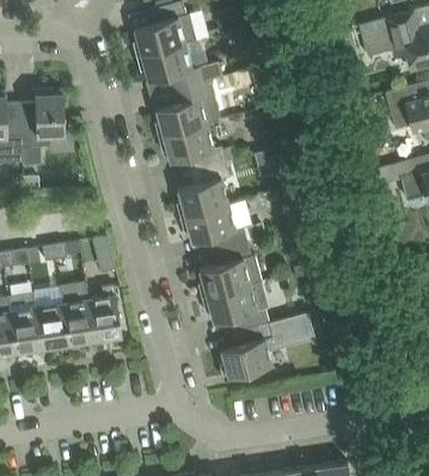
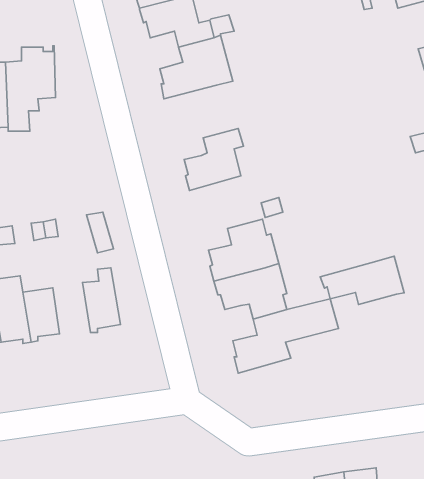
building: [159,124,232,171] -> none
building: [182,205,246,251] -> none
building: none -> [320,256,404,305]
building: [60,283,94,344] -> none

